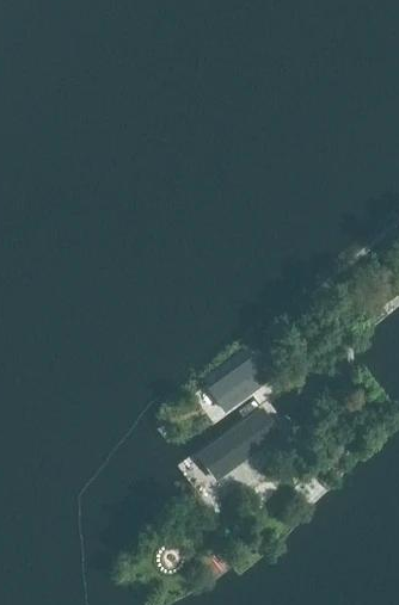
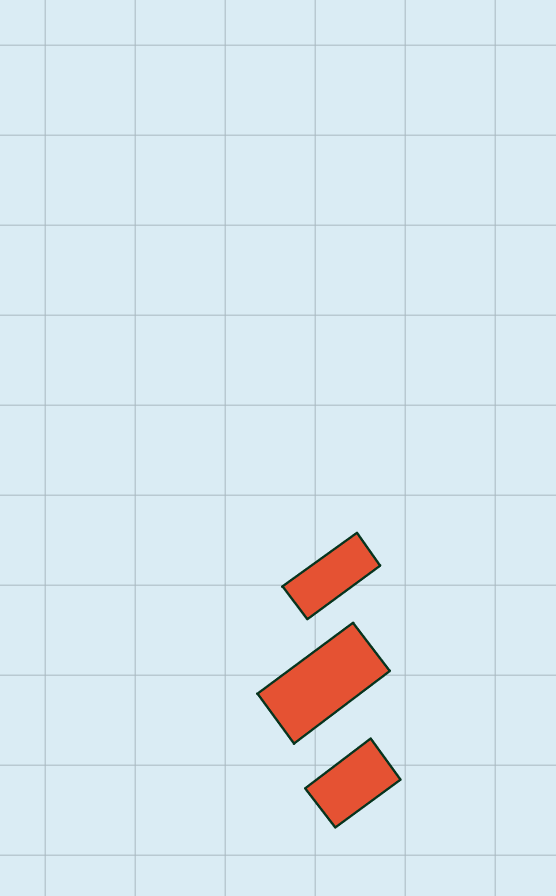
building: none -> [305,739,400,827]

